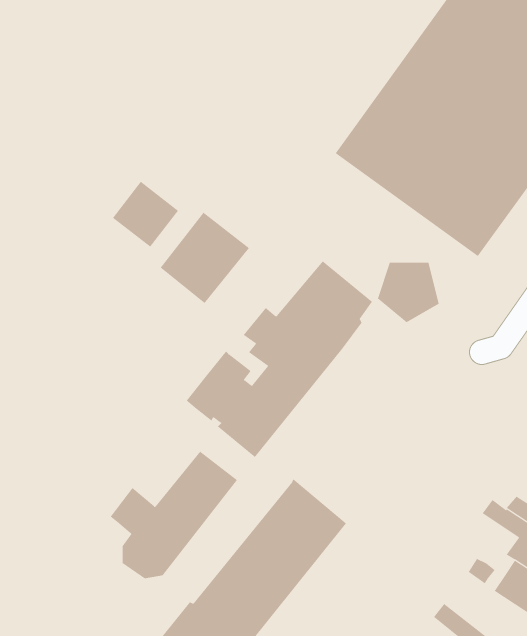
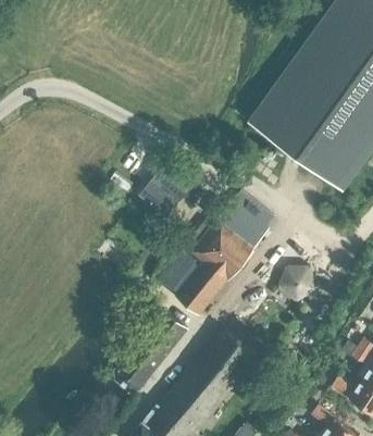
building: [112,181,179,248] -> none
building: [377,262,439,323] -> [277,266,316,304]

